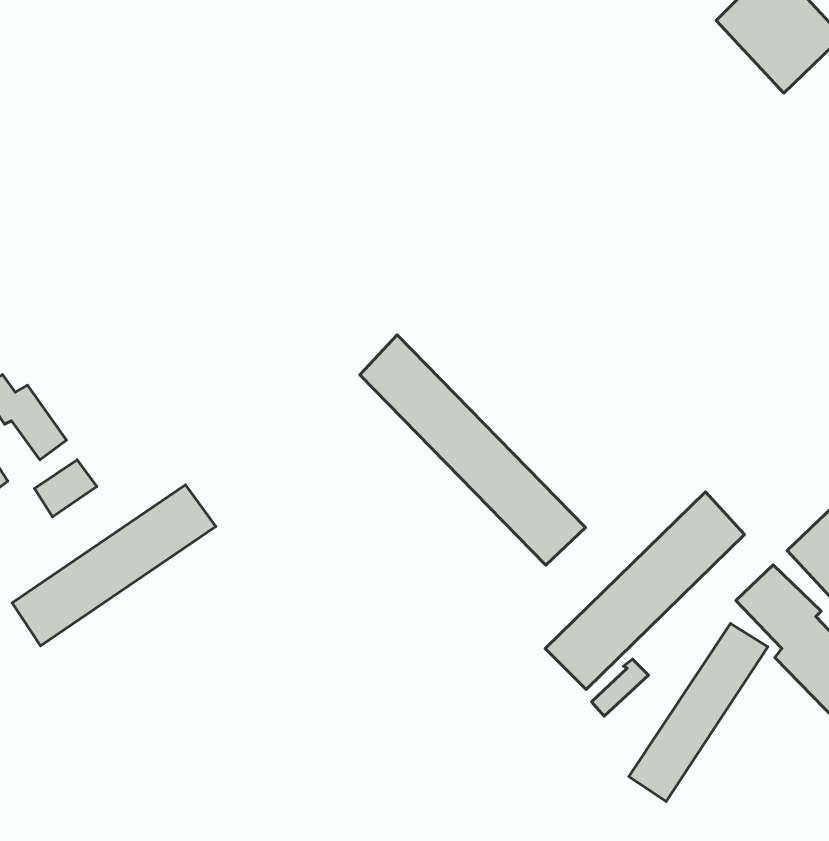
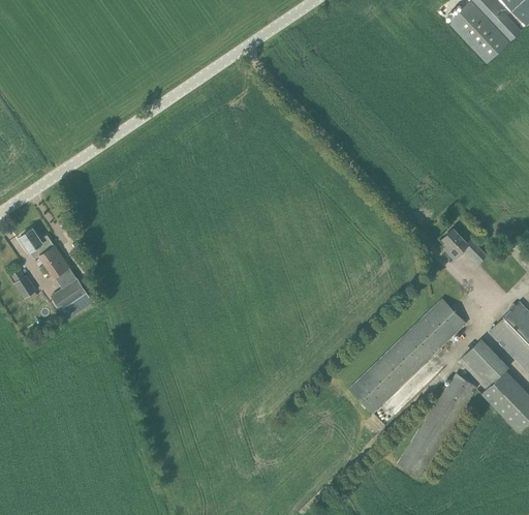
building: [360,335,586,565] -> none
building: none -> [444,230,488,265]
building: [12,485,216,646] -> none

